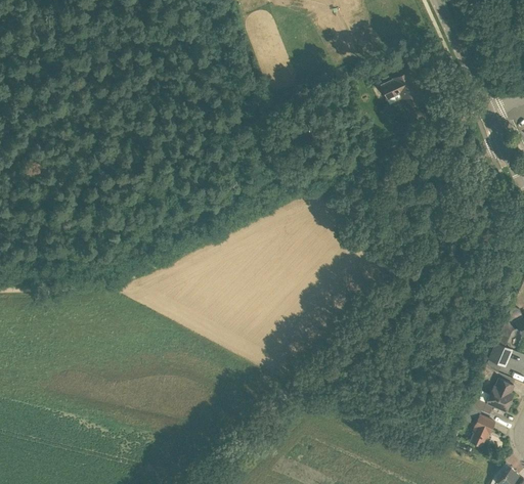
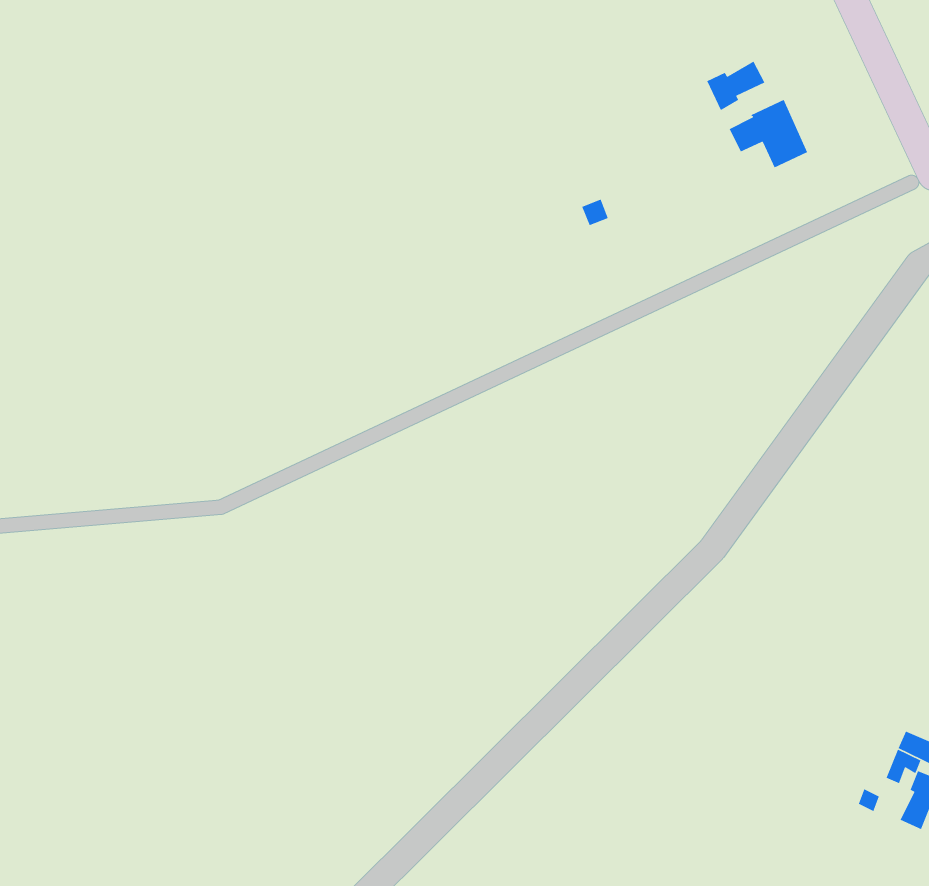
building: none -> [706,60,766,111]

